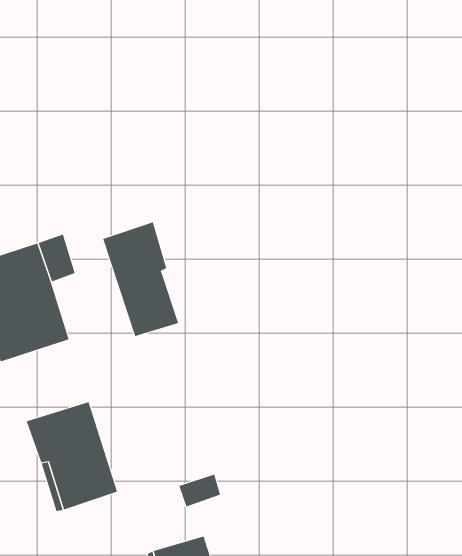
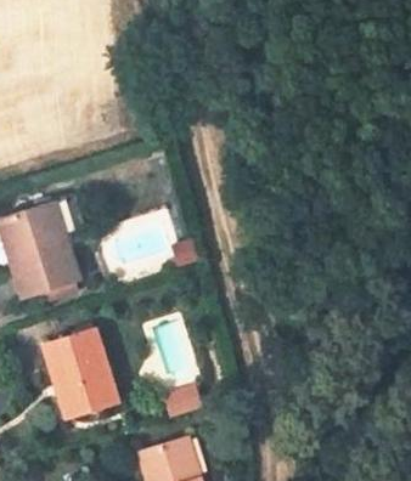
building: [103,222,179,337] -> none

